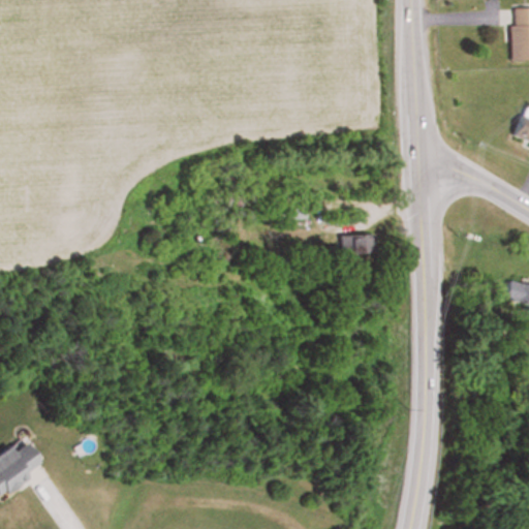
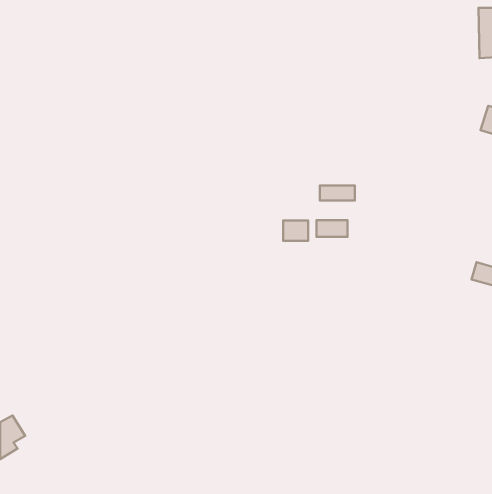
building: none -> [320,185,355,201]
building: none -> [283,221,308,241]

